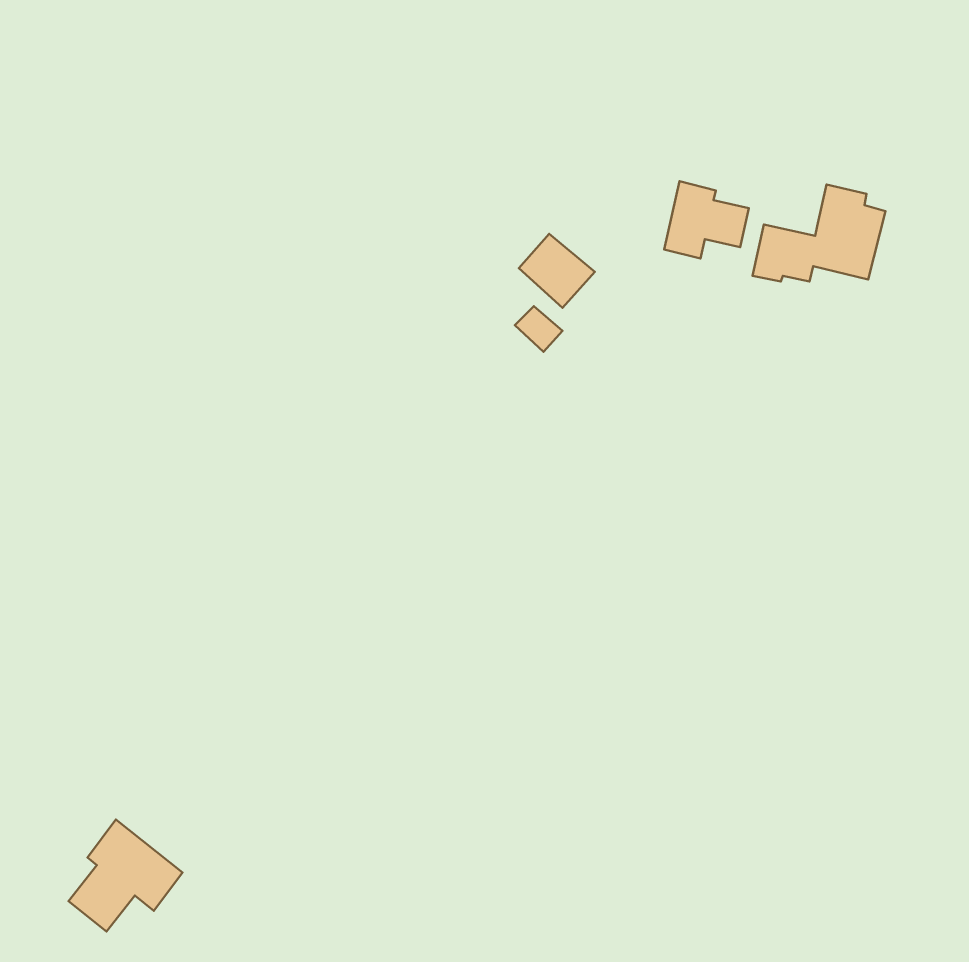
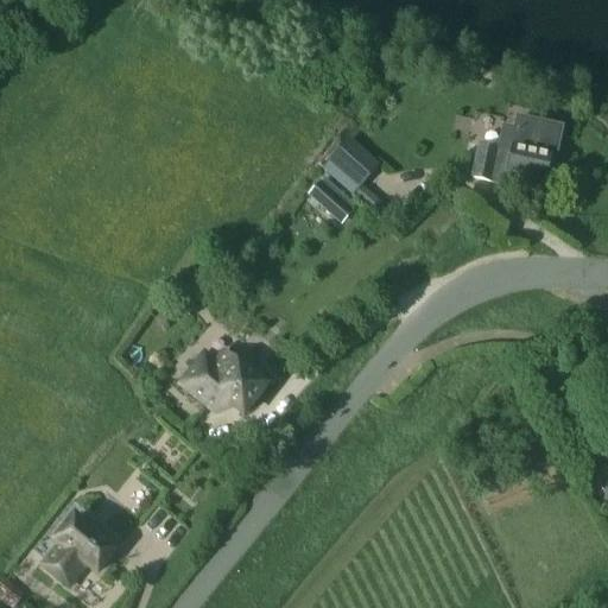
building: [664,181,749,259] -> none
building: none -> [179,347,267,410]

